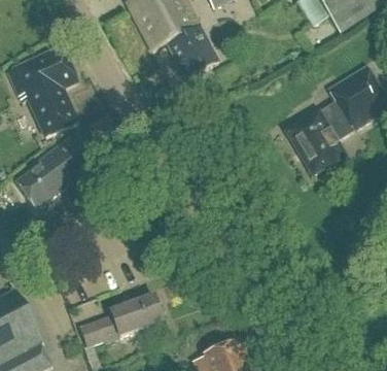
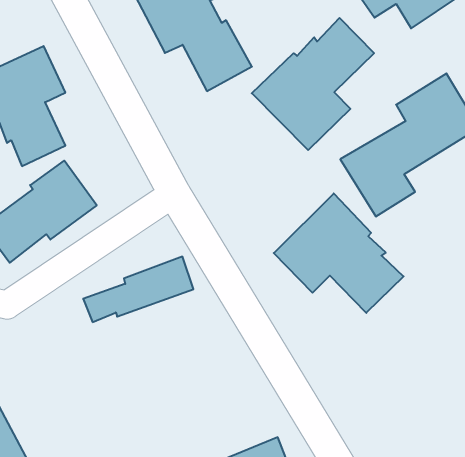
building: none -> [252,18,374,150]
building: none -> [274,193,404,313]
building: [79,296,163,345] -> [83,257,193,322]

